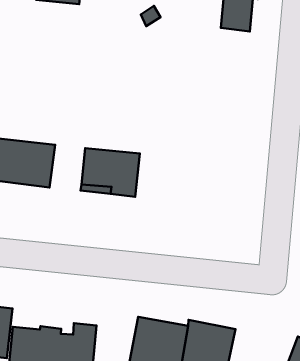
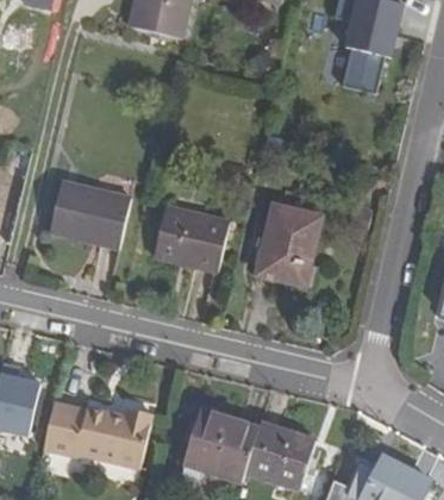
building: none -> [257,207,319,283]

